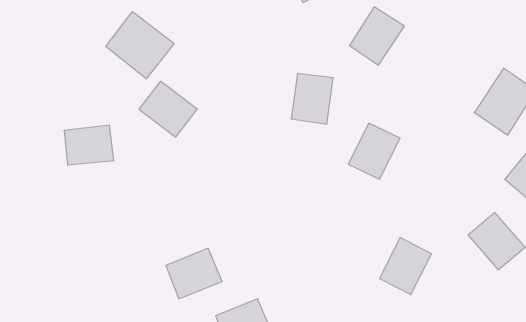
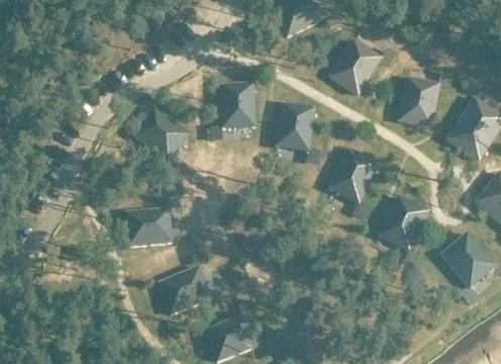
building: [106,12,174,79] -> none
building: none -> [400,77,440,125]
building: none -> [220,83,256,127]
building: [64,125,114,165] -> [126,207,173,245]
building: [380,238,431,295] -> [381,195,429,249]

